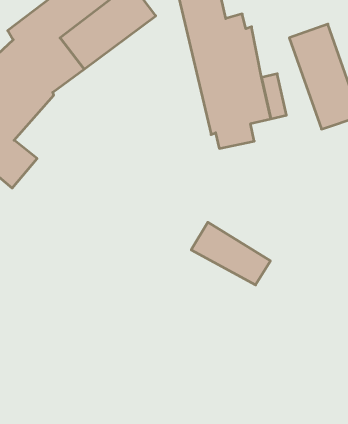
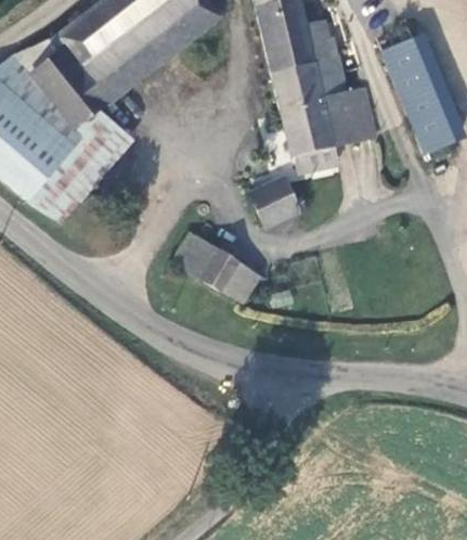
building: none -> [57,113,130,188]
building: none -> [249,176,303,229]
building: [191,222,270,285] -> [170,230,263,304]

